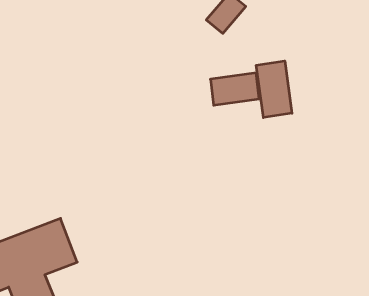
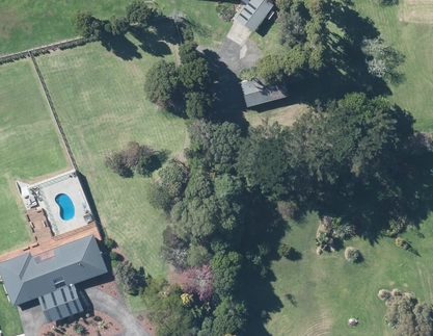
building: [256,61,292,118] -> none

